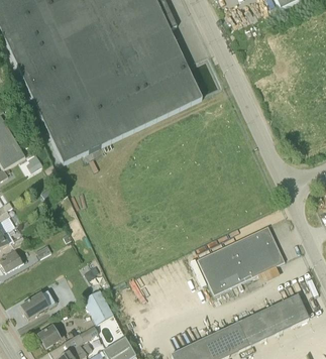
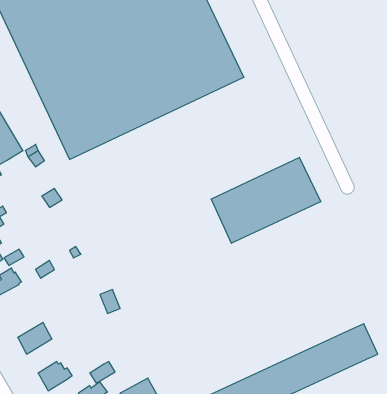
building: [197,226,285,294] -> [211,157,321,243]
building: [82,289,114,324] -> none

